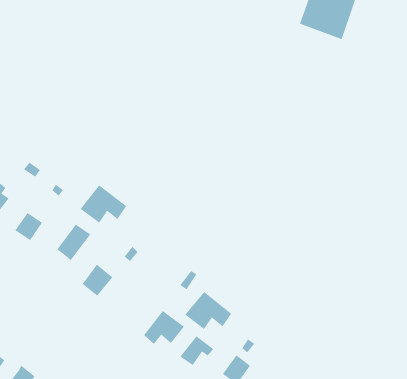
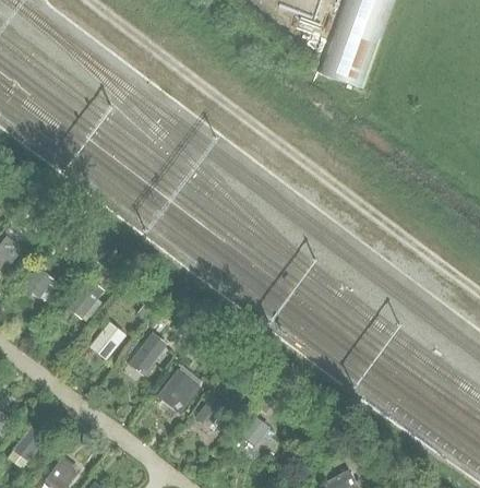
building: [80,185,128,224] -> none
building: none -> [128,332,166,374]
building: [184,291,233,330] -> none

